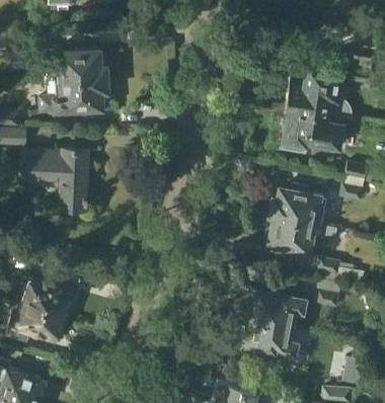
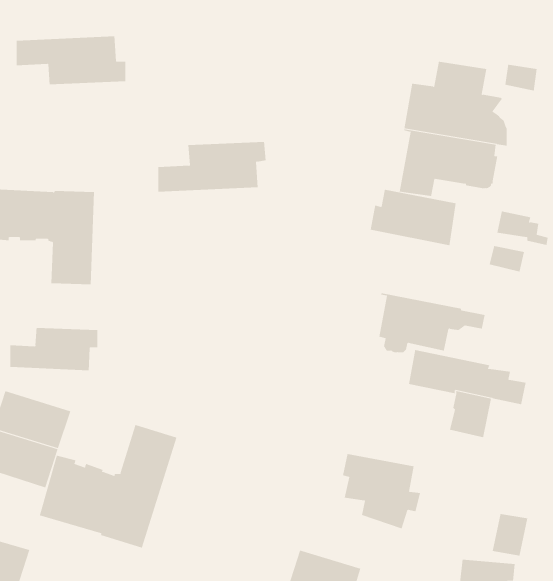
building: [38,80,108,112] -> [158,142,266,192]
building: [272,189,327,226] -> [370,189,457,246]
building: none -> [10,327,98,371]
building: [249,291,305,327] -> none
building: none -> [39,424,177,549]

